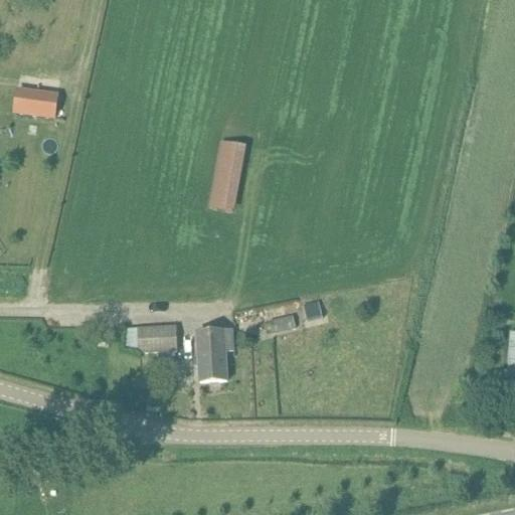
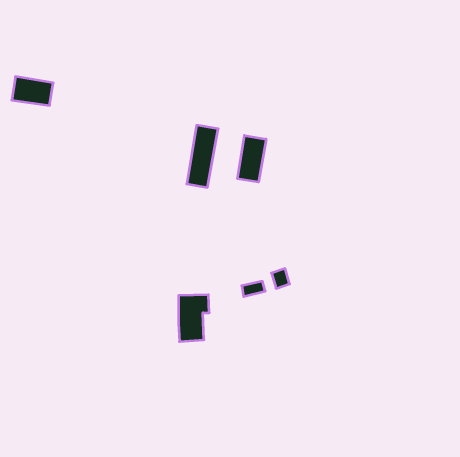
building: none -> [238,135,266,182]
building: [121,324,176,351] -> none

